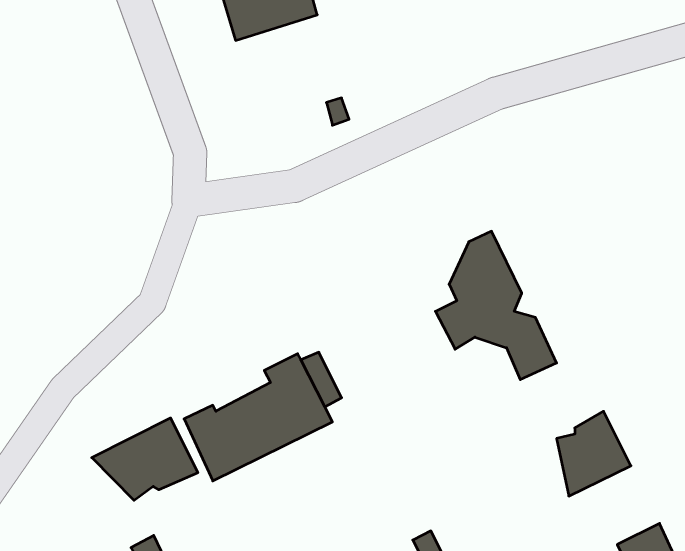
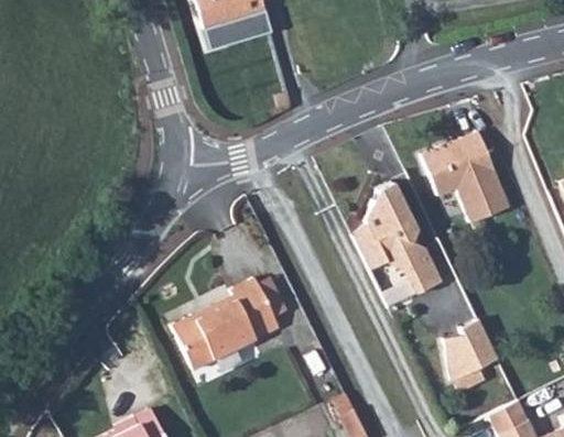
building: none -> [421,128,509,219]
building: [92,418,198,500] -> none

